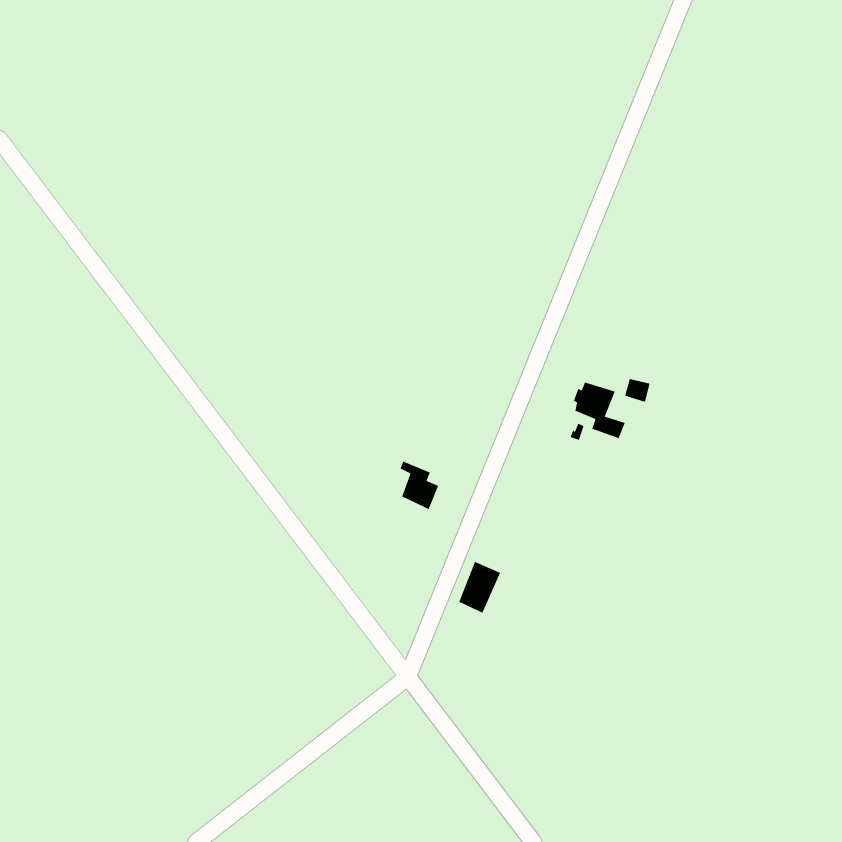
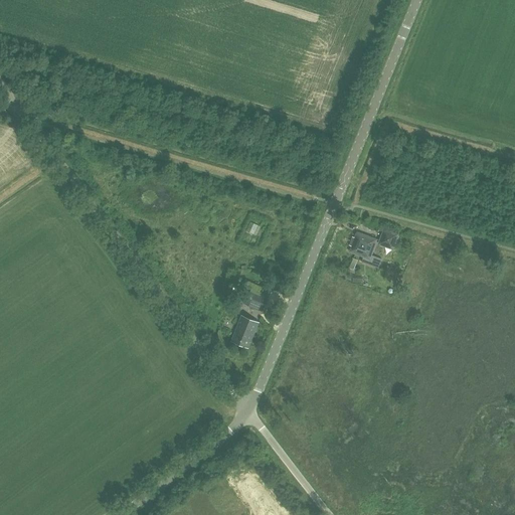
building: [458,561,501,614] -> [231,315,258,347]

